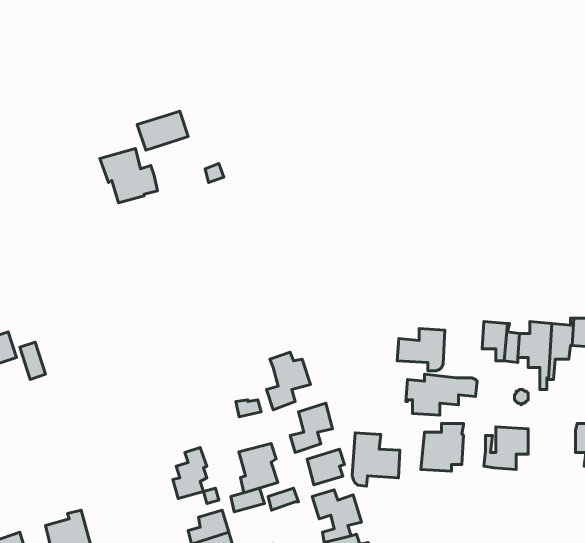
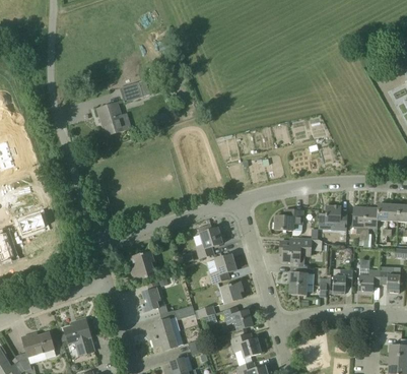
building: none -> [357,266,381,291]
building: [352,433,400,486] -> none
building: [239,443,278,493] -> [131,251,154,280]

